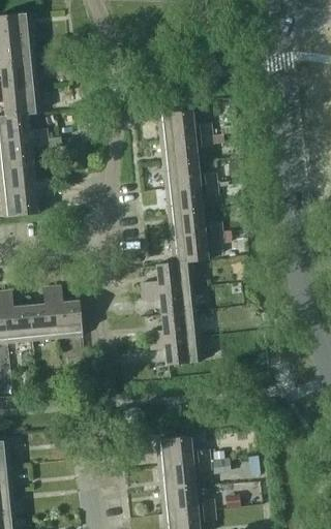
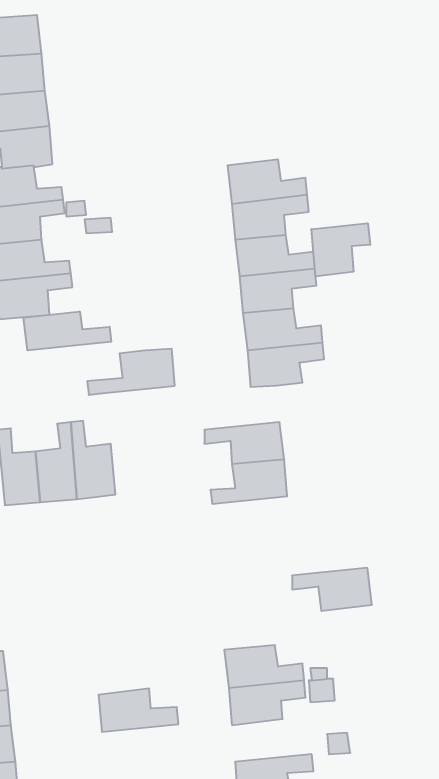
building: none -> [311,223,370,276]
building: none -> [23,311,111,350]
building: [133,261,192,292] -> [87,349,175,395]
building: [147,336,201,365] -> [292,568,372,611]
building: [160,486,214,515] -> [99,689,178,732]

